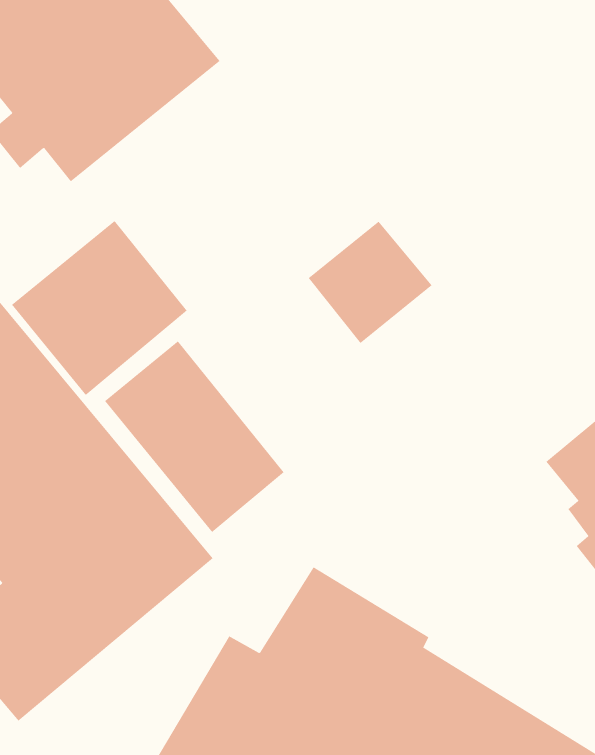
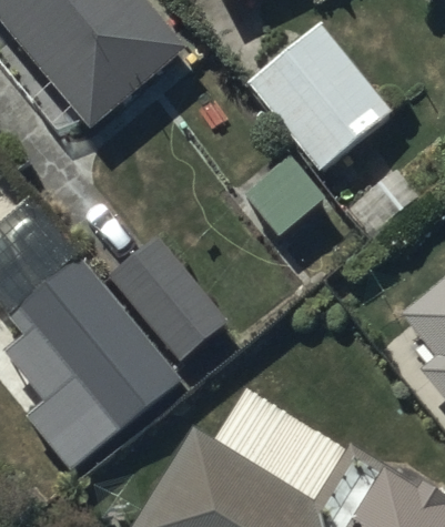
building: none -> [249,21,392,170]
building: [11,220,188,396] -> none

